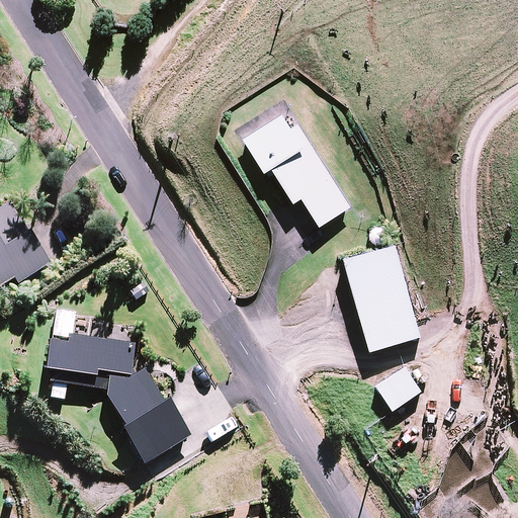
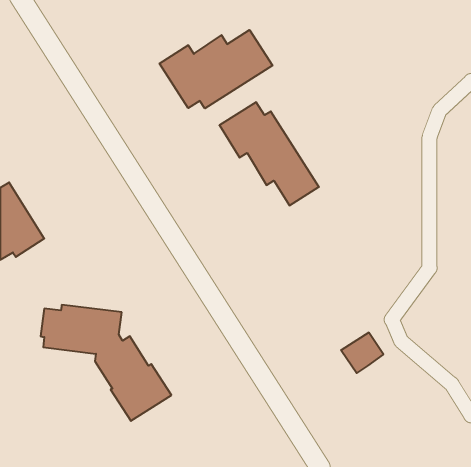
building: none -> [160,30,272,108]
building: [343,244,420,349] -> none

